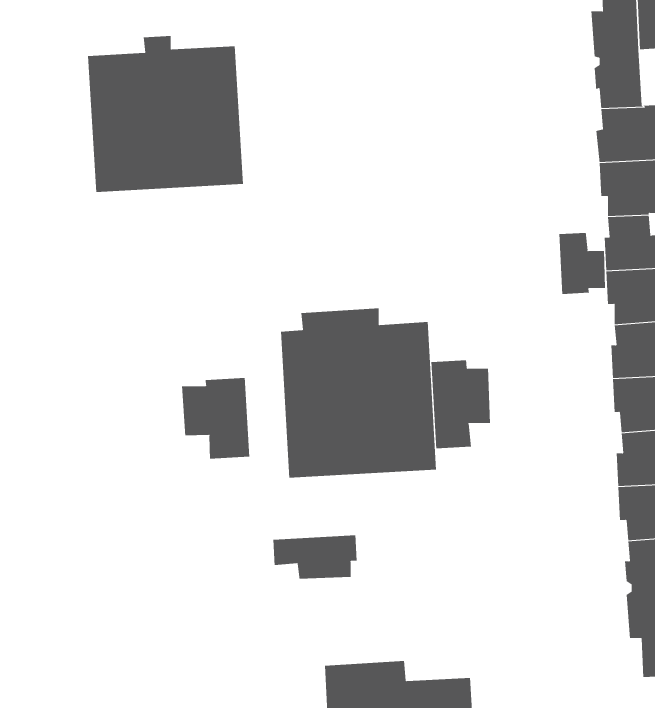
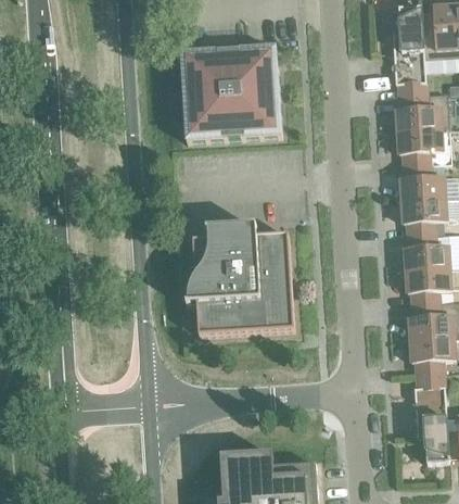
building: [87,36,244,193] -> [180,40,281,141]
building: [559,232,605,295] -> none
building: [431,360,490,449] -> none
building: [181,377,250,460] -> none
building: [273,534,357,580] -> none

